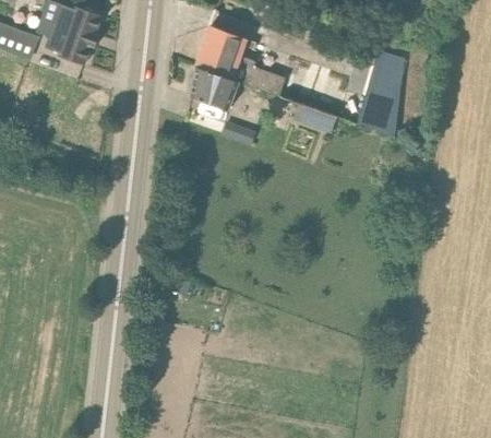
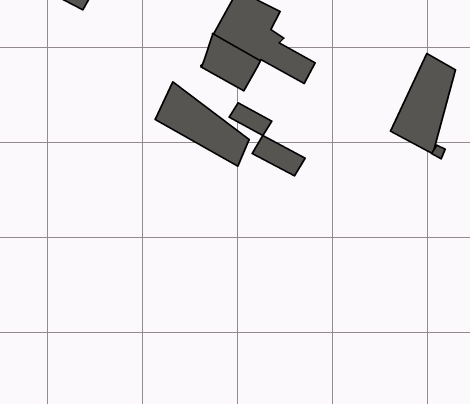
building: [292,104,337,133] -> [252,136,305,176]
building: none -> [155,82,249,166]

